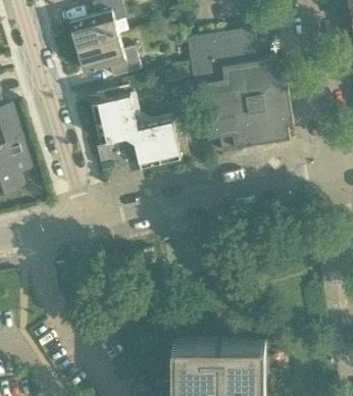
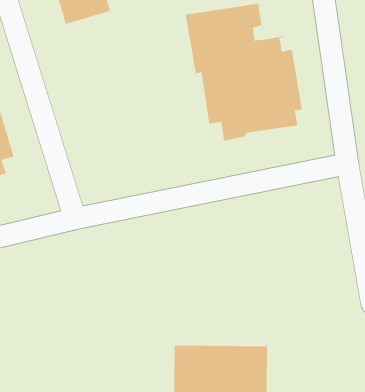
building: [77,34,141,77] -> none
building: [86,84,188,170] -> none

